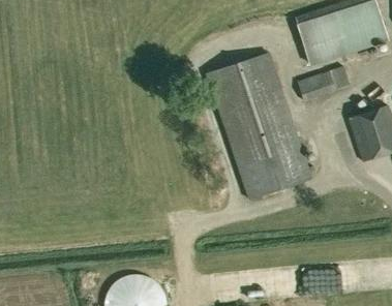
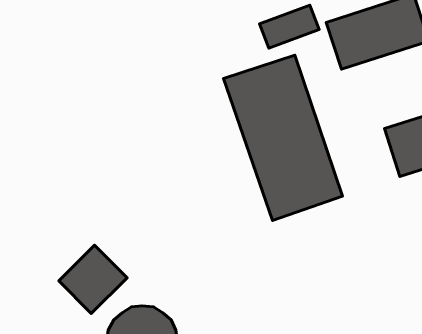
building: [303,62,356,100] -> [260,5,319,48]
building: none -> [59,245,127,314]

